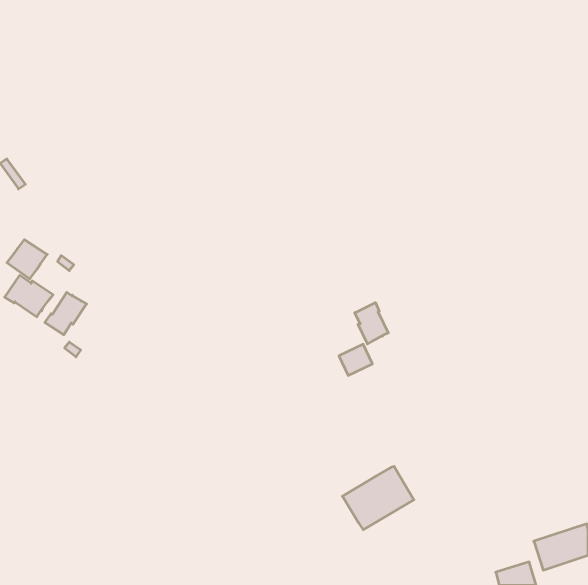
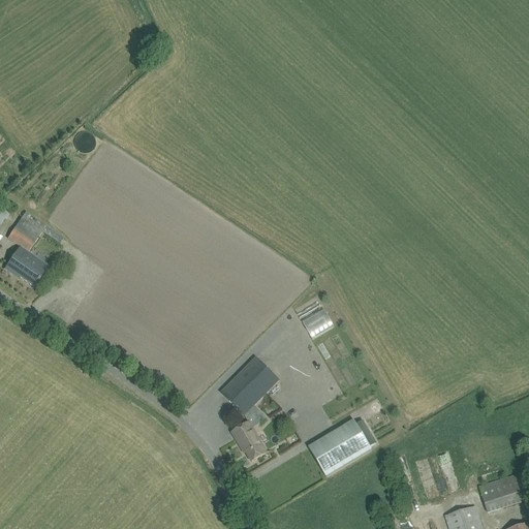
building: [45,292,87,335] -> none
building: [355,303,388,344] -> none
building: none -> [220,355,278,460]

